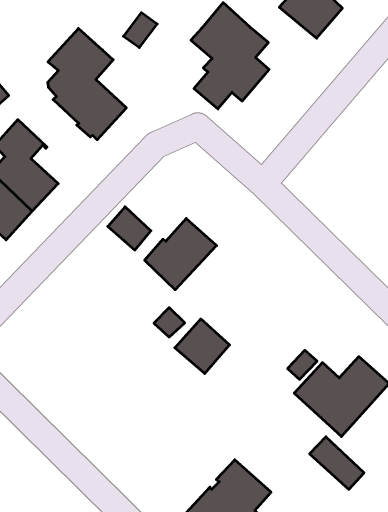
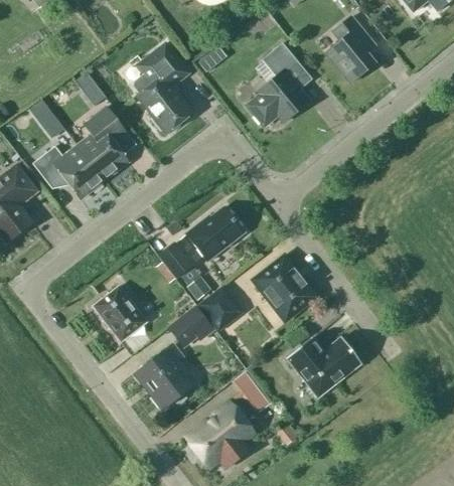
building: [108,207,151,250] -> [158,242,191,278]
building: none -> [256,258,314,318]
building: none -> [93,286,147,342]
building: none -> [170,306,210,345]
building: none -> [139,344,196,409]
building: [310,437,364,489] -> [230,368,270,413]

